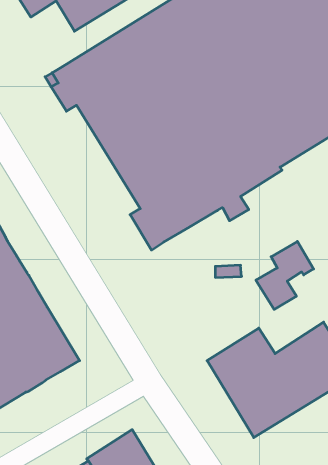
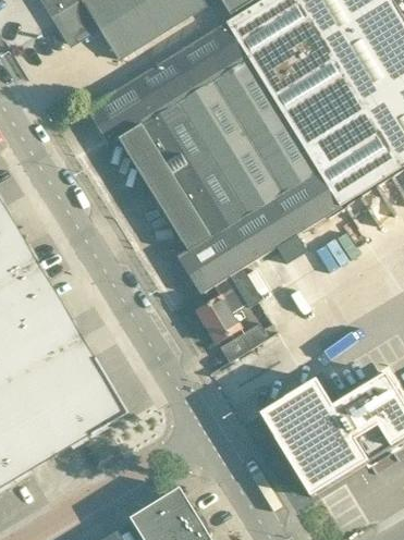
building: [256,241,314,309] -> [198,269,260,342]
building: none -> [220,322,270,363]

